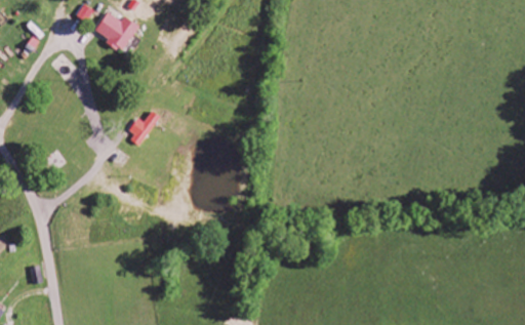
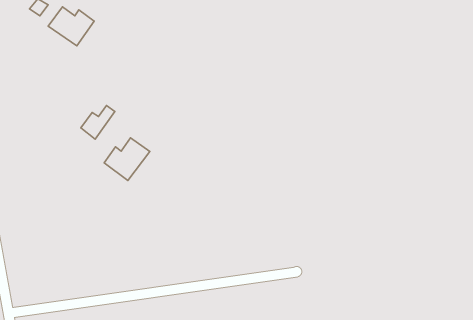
building: none -> [104,138,150,180]

